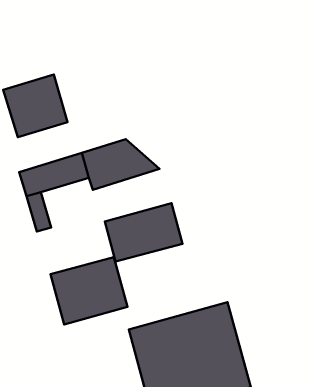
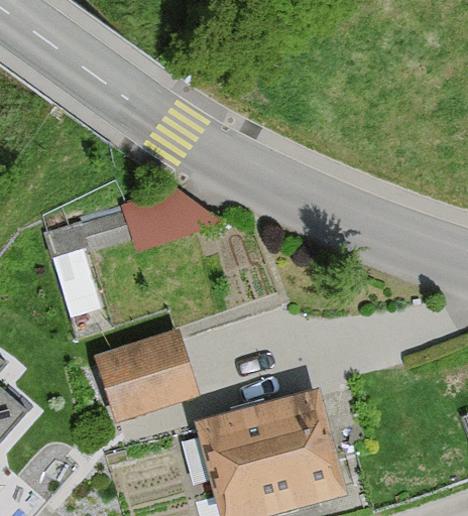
building: [3,75,67,137] -> none
building: [105,203,182,261] -> none

